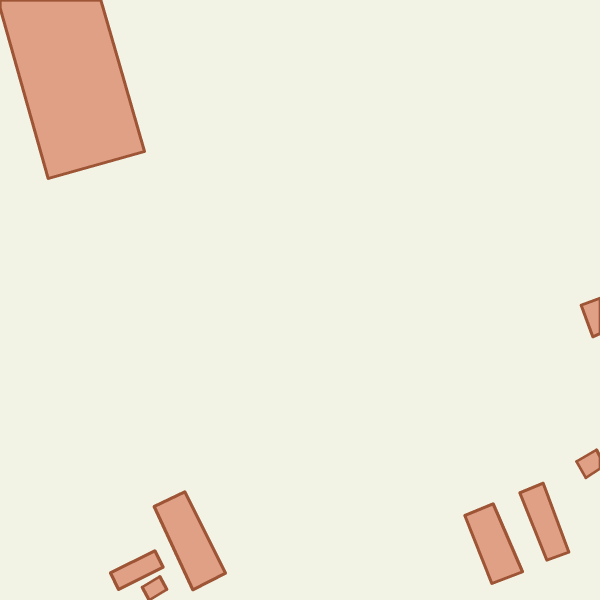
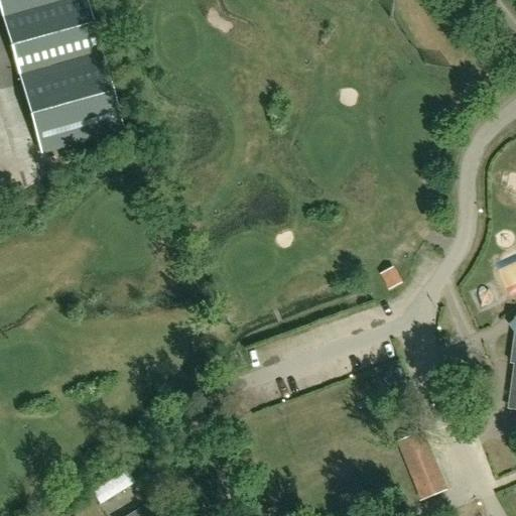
building: [520,483,569,560] -> none
building: [154,492,225,590] -> none

